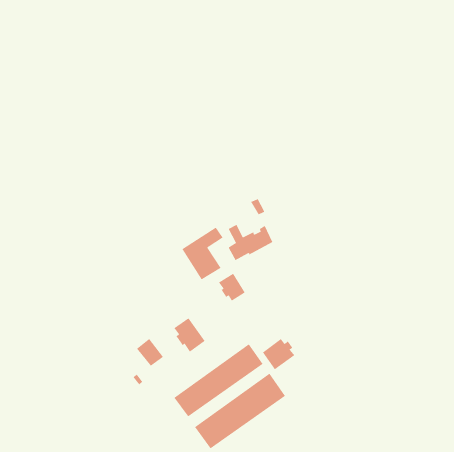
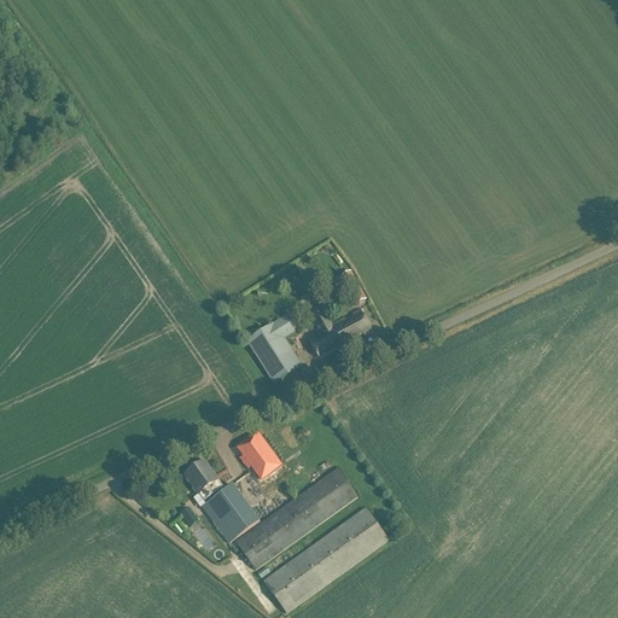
building: [218,273,246,302] -> none
building: [262,338,295,370] -> none
building: none -> [202,483,258,541]

